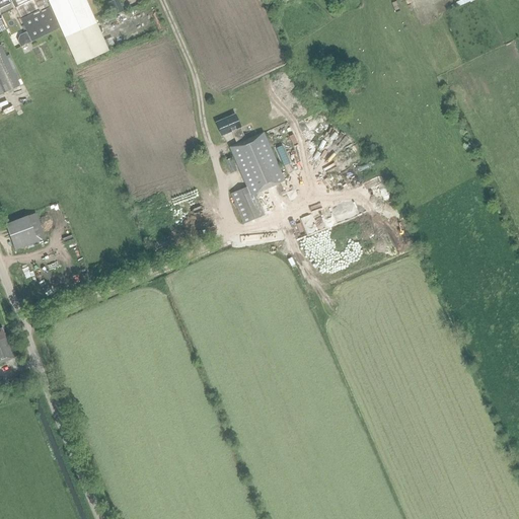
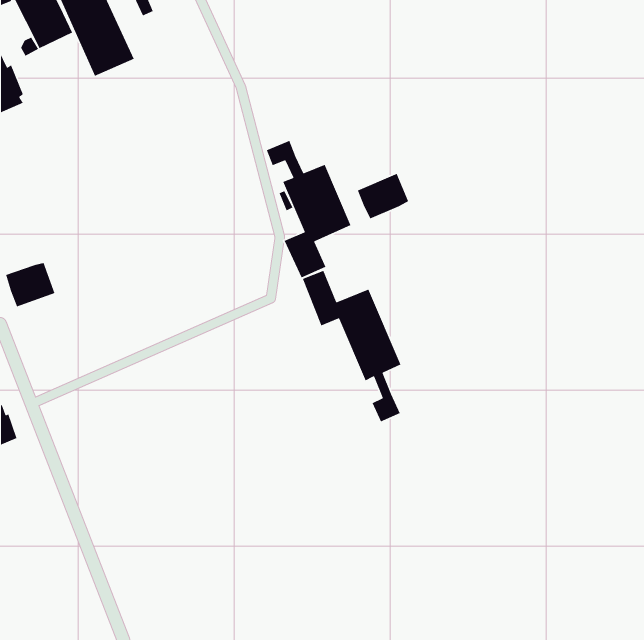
building: none -> [357,173,409,220]
building: none -> [302,270,401,423]

